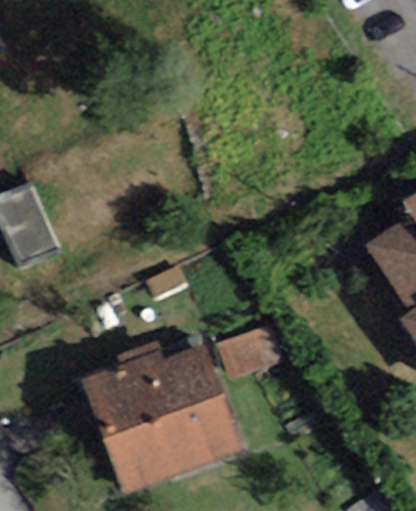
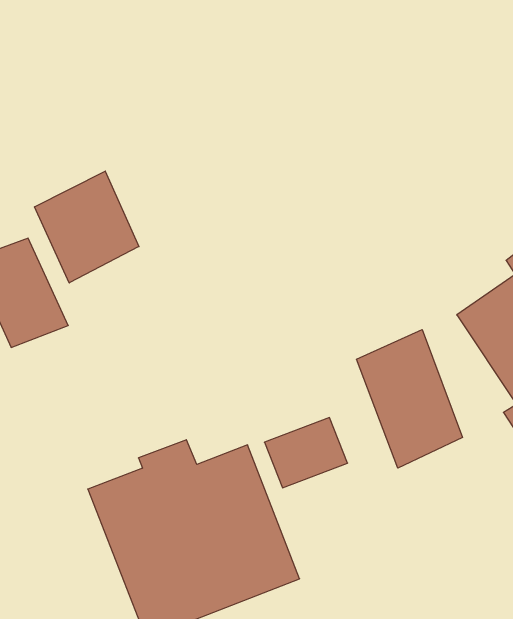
building: none -> [35,171,139,283]
building: none -> [357,330,462,468]

